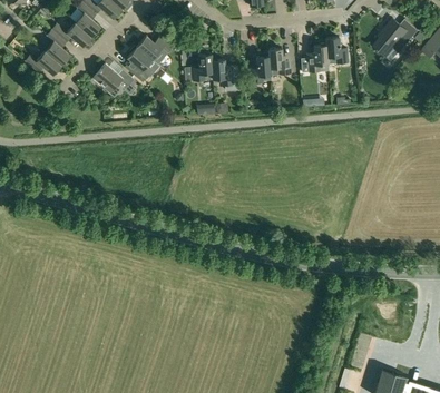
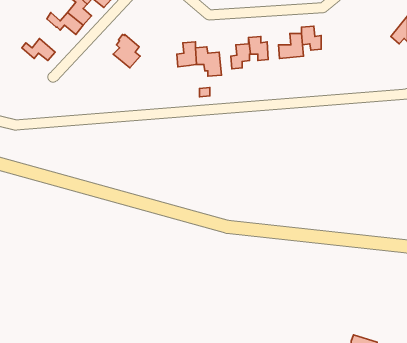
building: [372,19,418,59] -> none
building: [45,30,70,66] -> none
building: [136,36,172,60] -> none
building: [94,63,136,92] -> none

